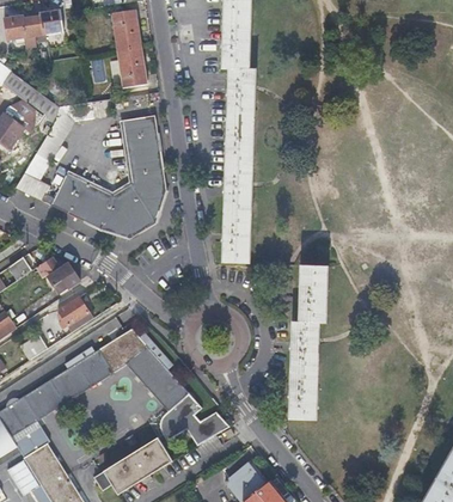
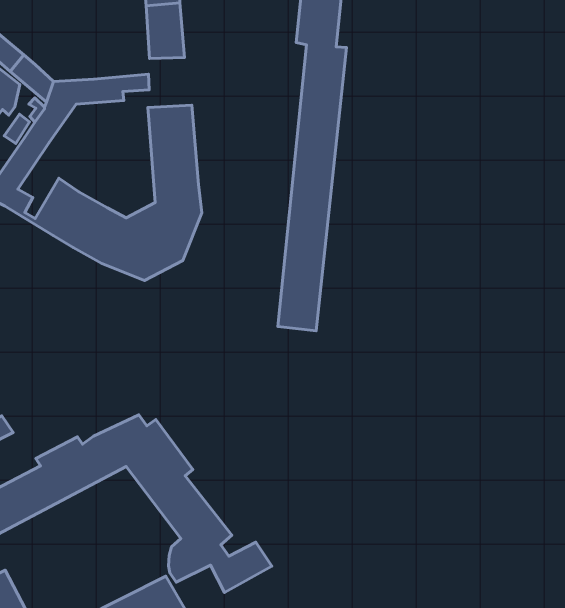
building: [39,257,80,293] -> none
building: [289,263,327,418] -> none
building: [57,296,92,330] -> none

